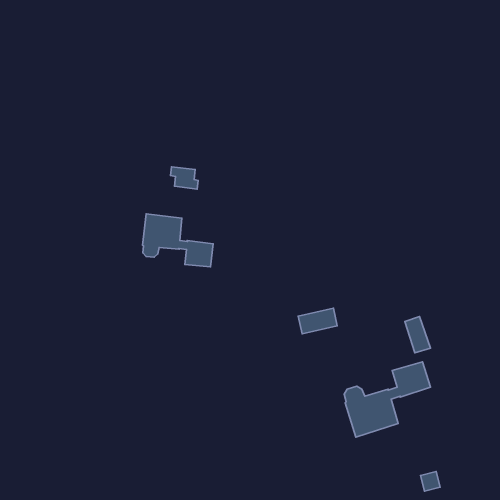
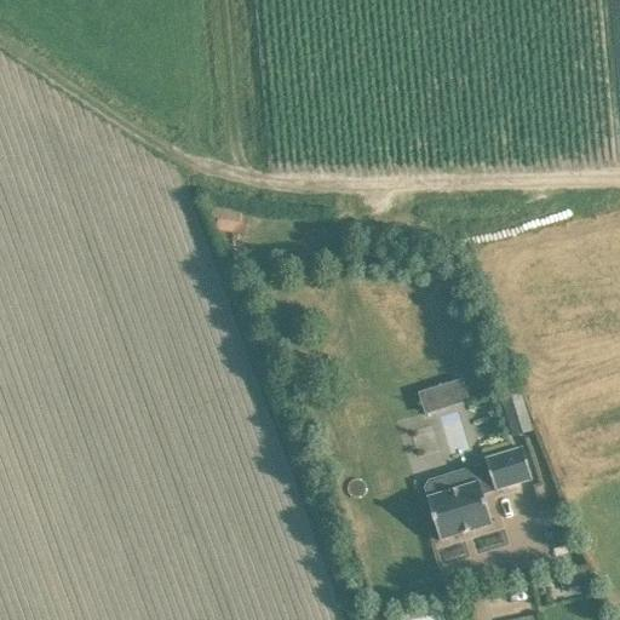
building: [142,214,213,267] -> none
building: [298,308,337,334] -> [423,378,471,409]

